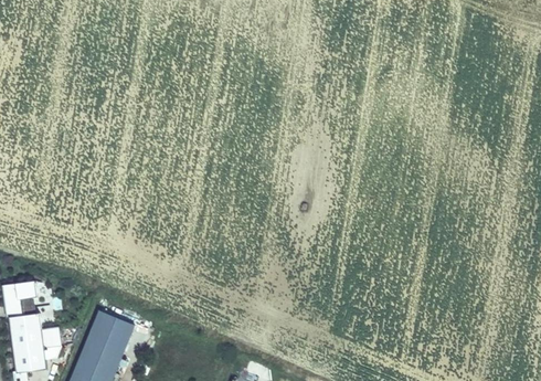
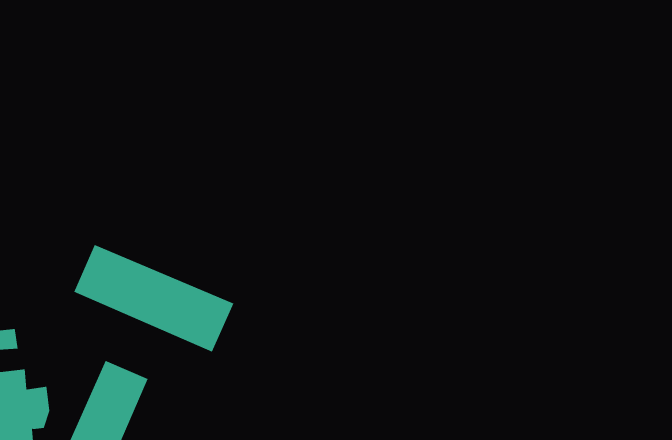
building: none -> [74,244,234,352]

